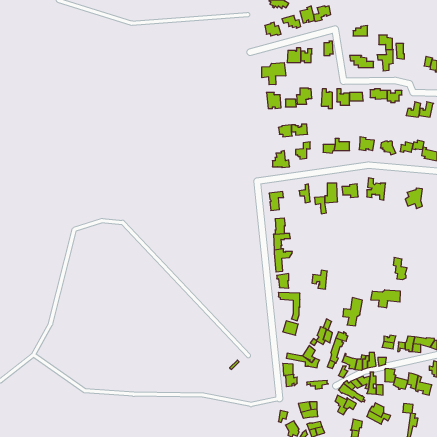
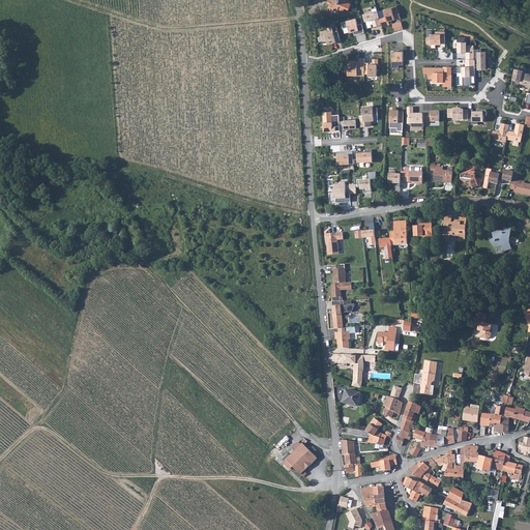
building: [262,63,286,85] -> none
building: [371,290,400,308] -> none
building: none -> [288,445,318,476]

